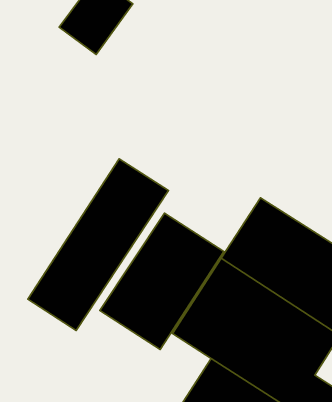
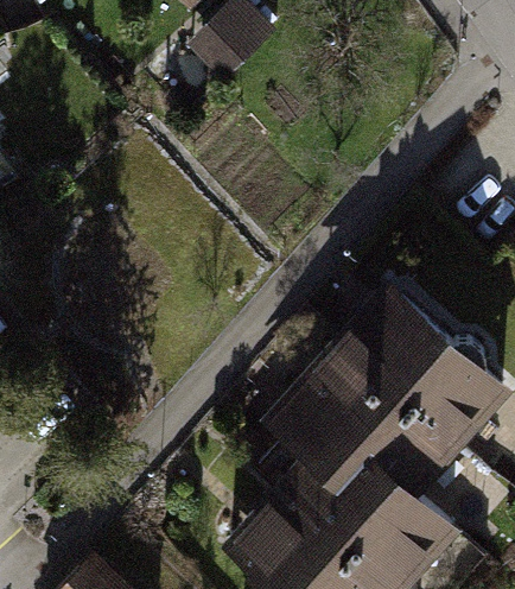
building: [28,159,169,330] -> none
building: [100,213,224,349] -> none

